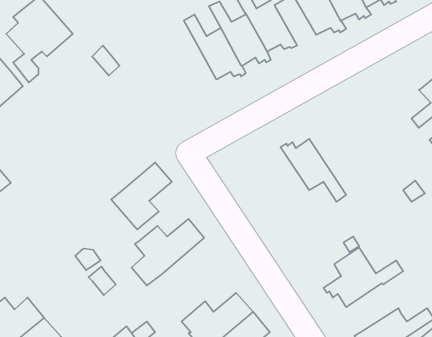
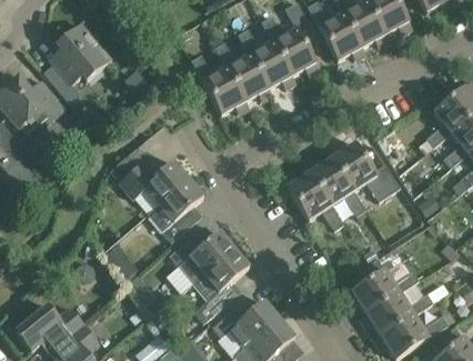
building: none -> [191,54,249,114]
building: none -> [326,142,400,200]
building: none -> [118,159,188,203]
building: none -> [282,171,343,230]
building: none -> [193,249,249,322]
building: none -> [359,291,433,335]

